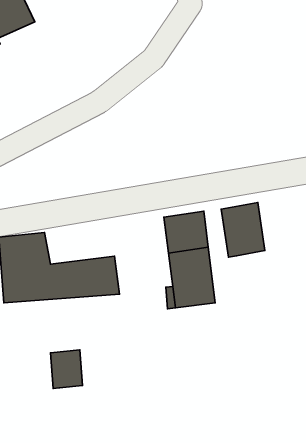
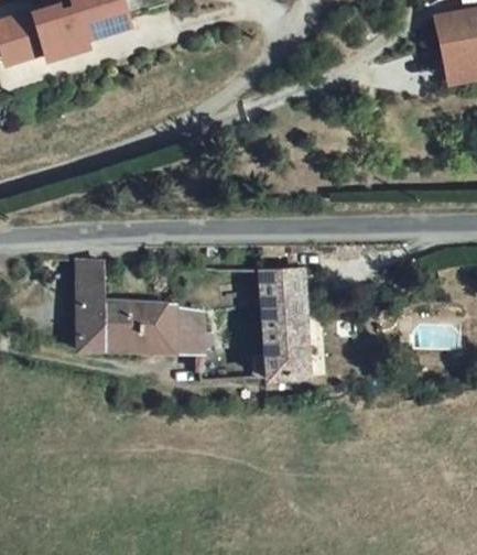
building: [221,203,265,257] -> none
building: [51,350,82,389] -> none

